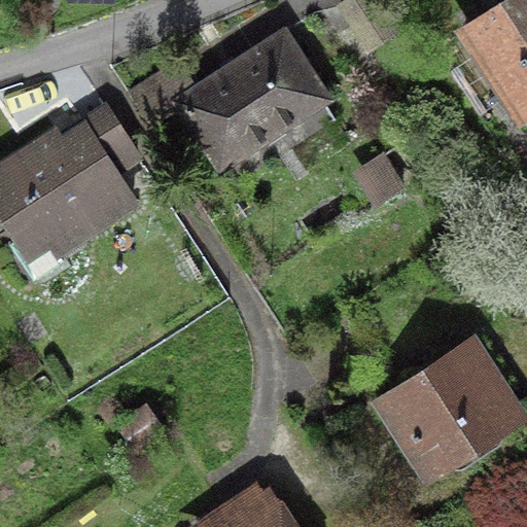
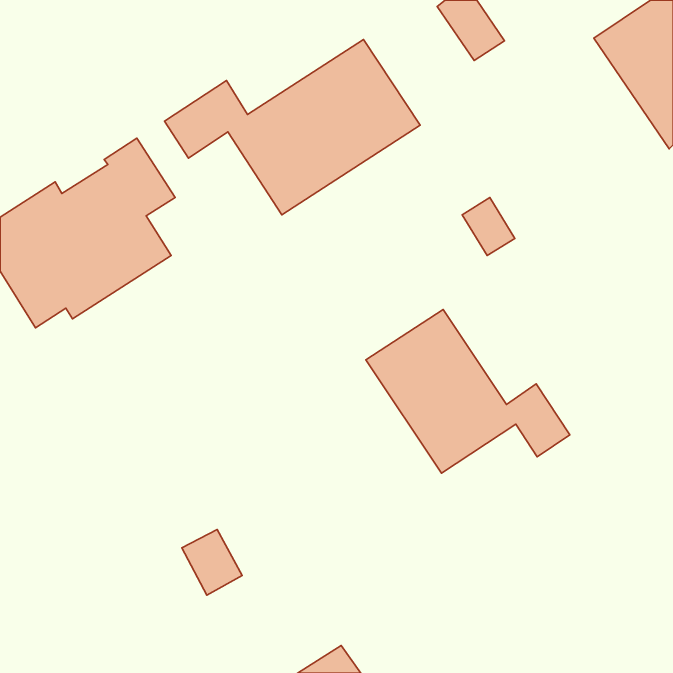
building: none -> [366,309,570,473]
building: [382,344,518,475] -> none

